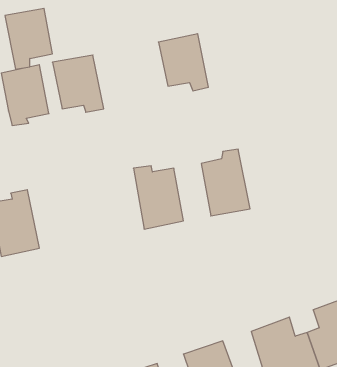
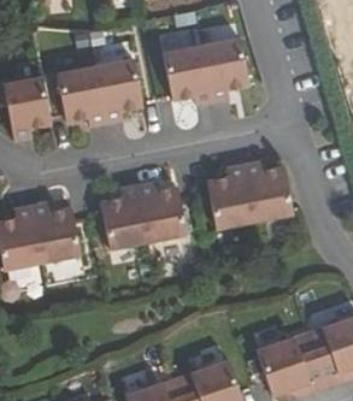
building: [5,8,52,69] -> [96,60,145,122]
building: none -> [202,39,249,100]
building: none -> [243,158,294,223]
building: none -> [99,182,148,250]
building: none -> [30,199,82,263]

